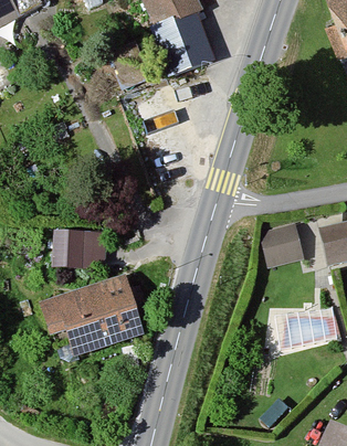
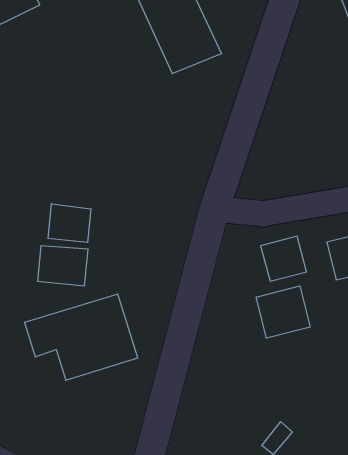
building: none -> [48,204,91,242]
building: none -> [256,286,310,338]

